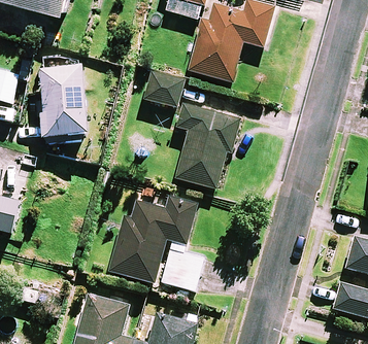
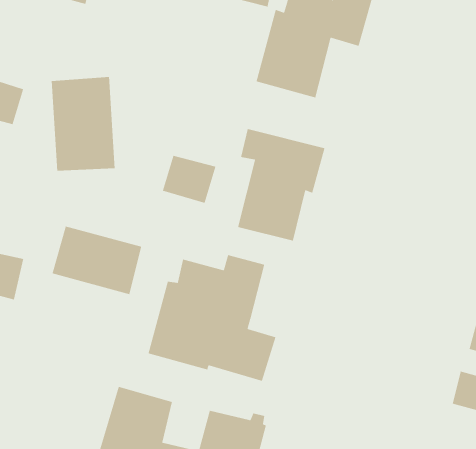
building: [144,72,185,108] -> [162,155,216,204]
building: none -> [51,225,142,295]

